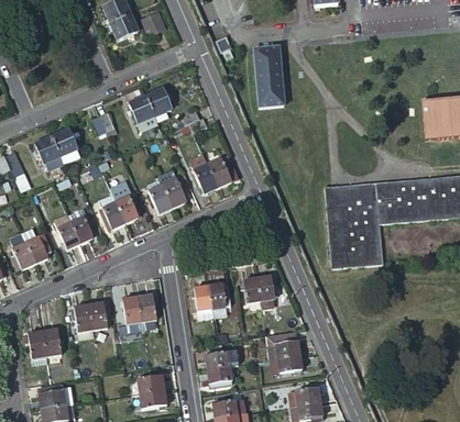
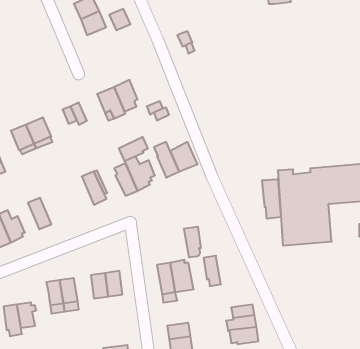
building: [255,49,286,105] -> none
building: none -> [119,137,148,161]
building: [99,192,125,229] -> none
building: none -> [262,179,281,219]
building: [67,209,96,244] -> none
building: [258,276,276,309] -> [184,227,201,257]

